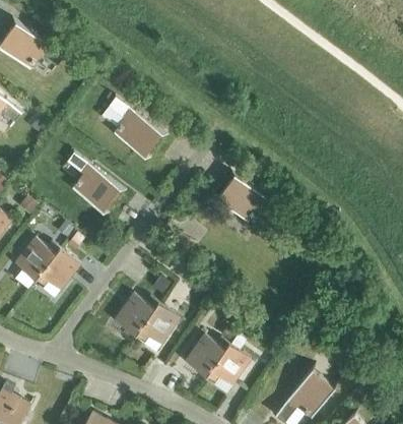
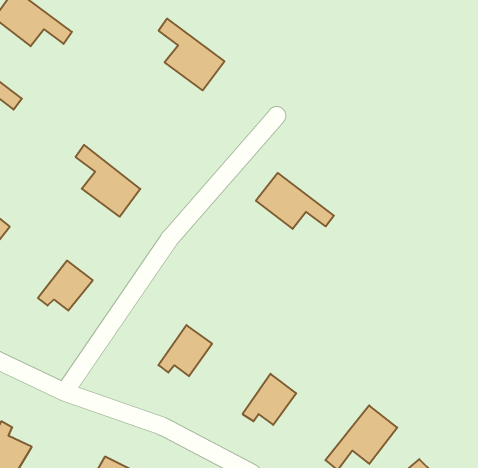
building: [109,97,163,157] -> [159,19,224,90]
building: [15,237,60,280] -> none
building: [115,293,159,336] -> none
building: [185,335,229,376] -> none

